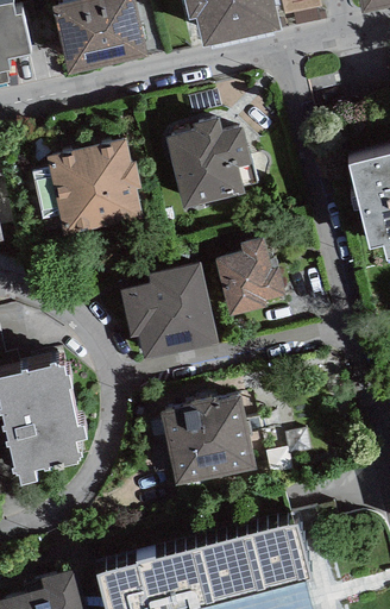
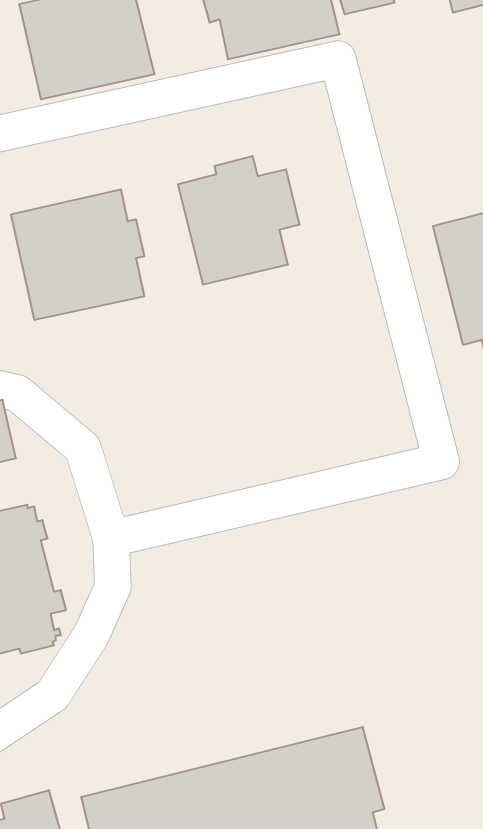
building: [214,237,285,315] -> none
building: [120,263,216,360] -> none
building: [159,396,254,485] -> none

